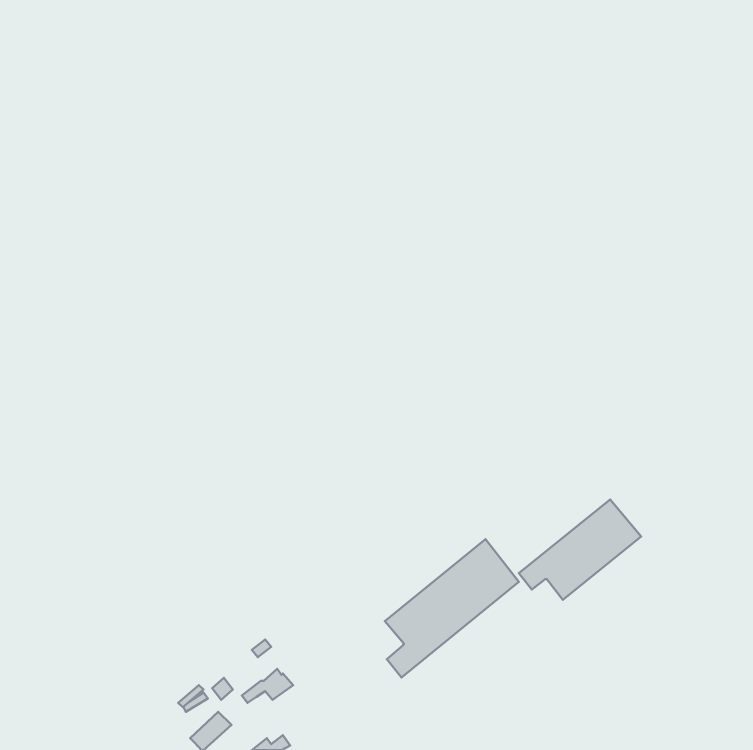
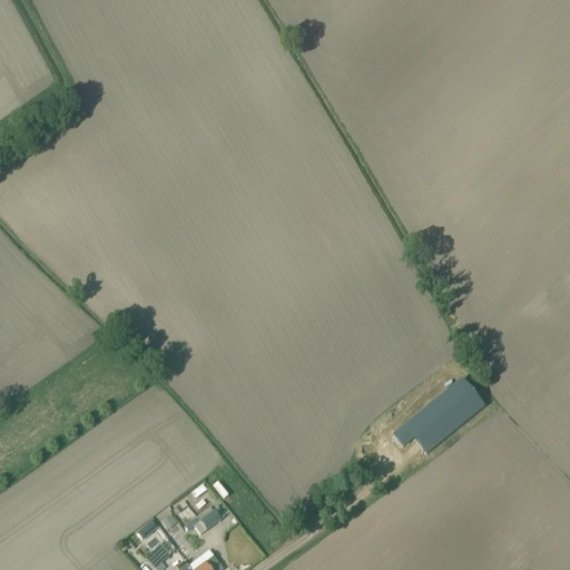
building: [385,539,519,678] -> none

